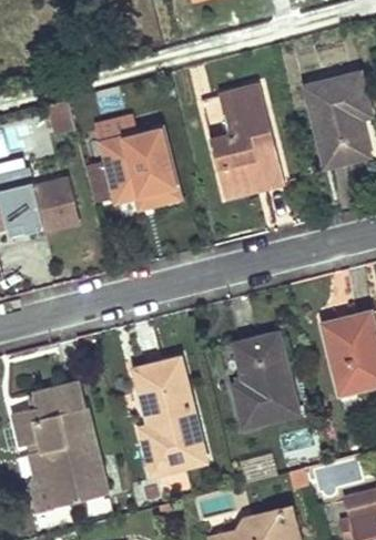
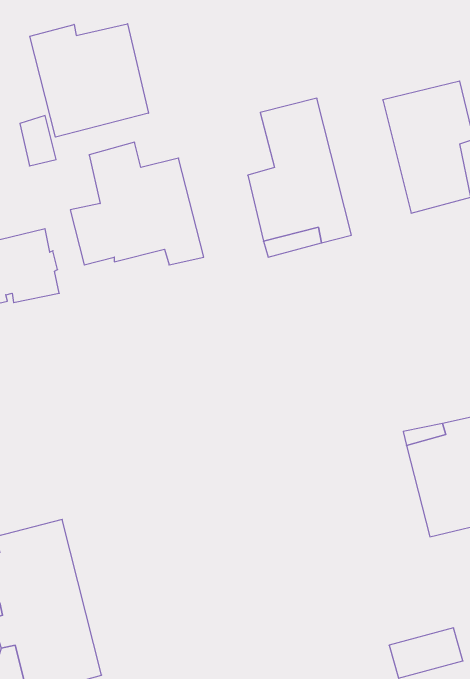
building: none -> [30,24,148,137]
building: [234,334,298,426] -> none
building: [135,358,205,473] -> none

